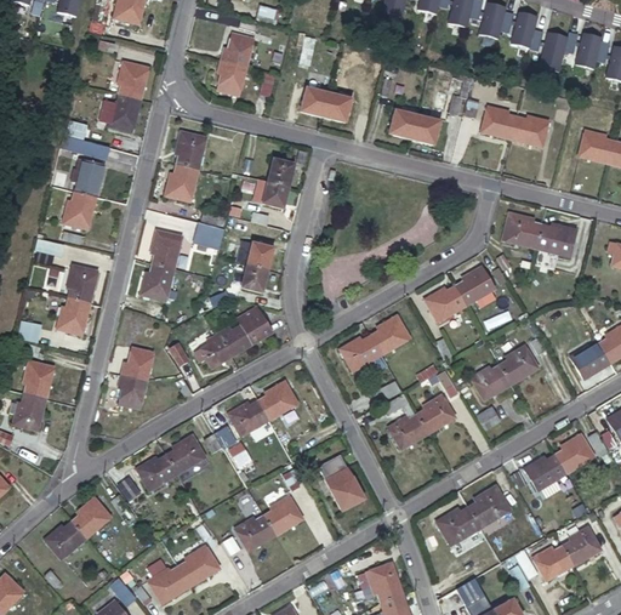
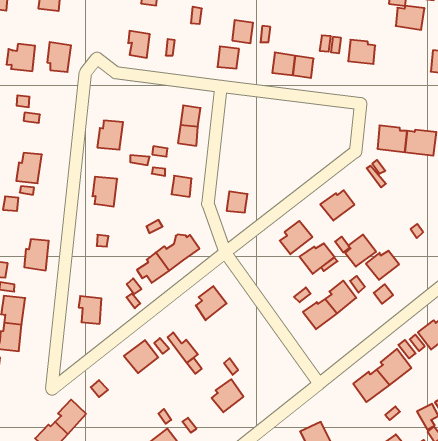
building: [221,33,252,67] -> none
building: [300,86,327,116] -> [232,20,253,43]
building: [102,95,139,130] -> [6,44,35,71]
building: [511,114,548,146] -> [396,6,425,30]
building: [173,131,206,169] -> none
building: [72,158,103,195] -> none
building: [194,221,224,247] -> none
building: [141,263,175,302] -> none
building: [240,263,268,291] -> [227,191,248,212]
building: [67,264,98,301] -> none
building: [455,267,494,304] -> none
building: [338,336,381,371] -> [299,243,335,274]
building: [120,344,152,378] -> none
building: [500,346,537,383] -> [345,235,376,267]
building: [226,402,268,438] -> none
building: [135,451,178,491] -> none
building: [317,454,364,512] -> none
building: [235,516,275,551] -> none

